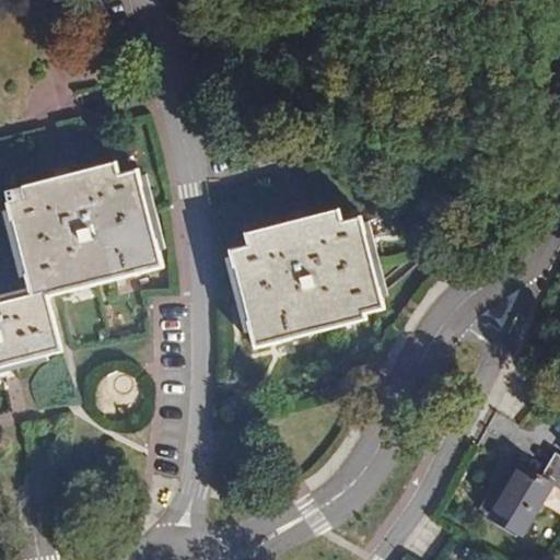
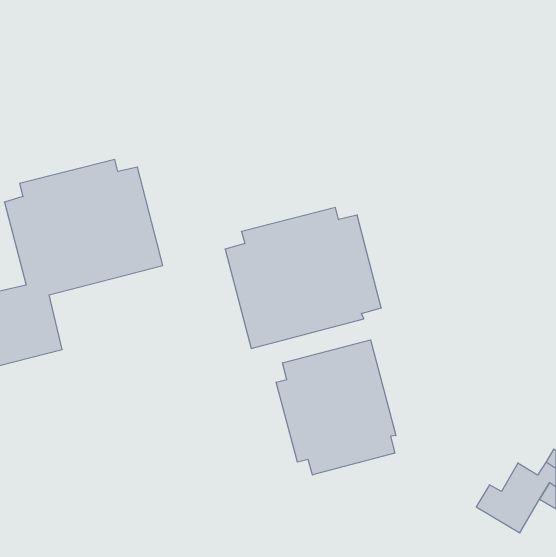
building: none -> [276,340,396,475]

